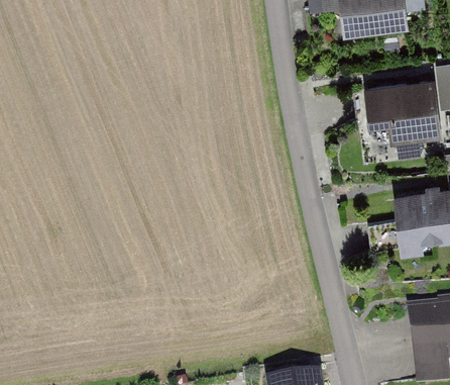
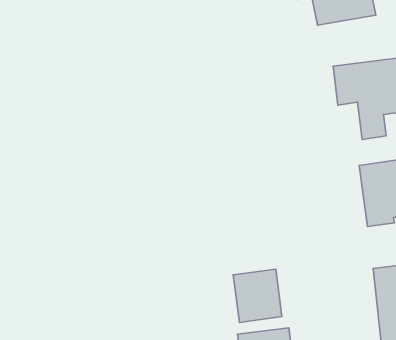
building: none -> [233,269,282,322]

